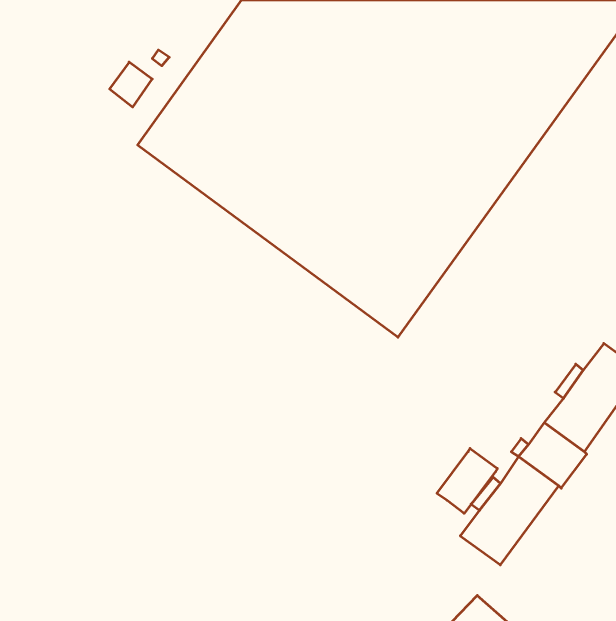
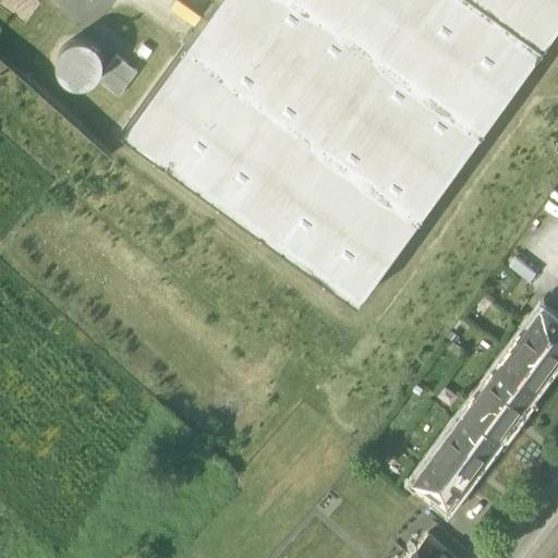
building: none -> [61,40,107,87]
building: [437,448,497,513] -> none

